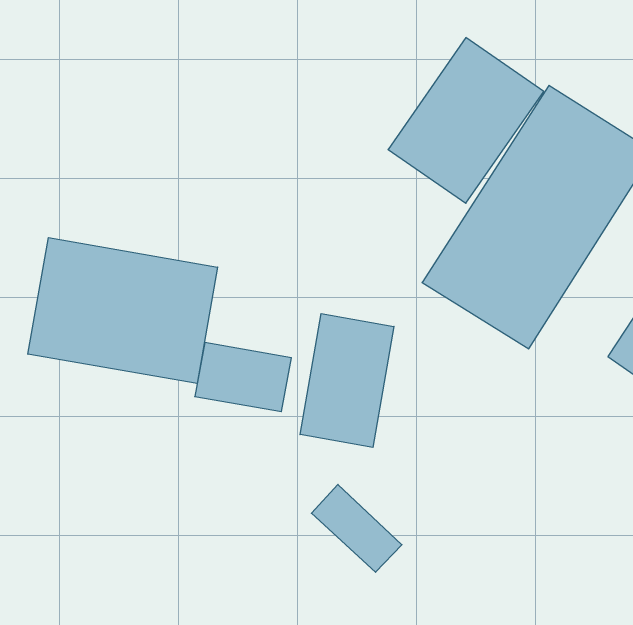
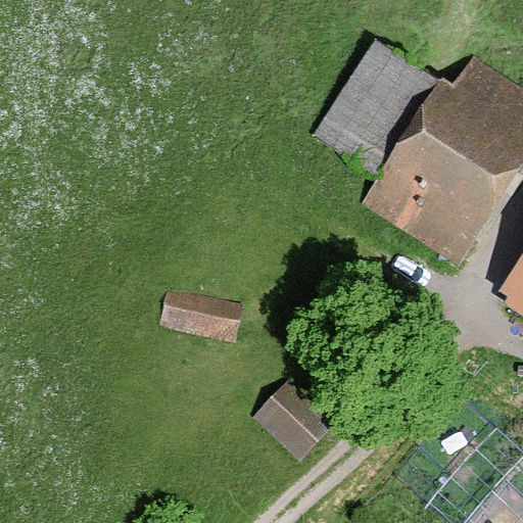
building: [28,238,218,384] -> none
building: [300,314,394,447] -> none

